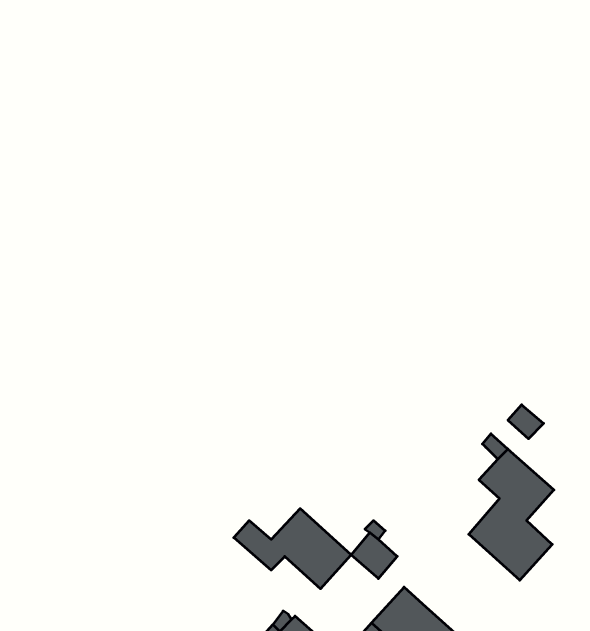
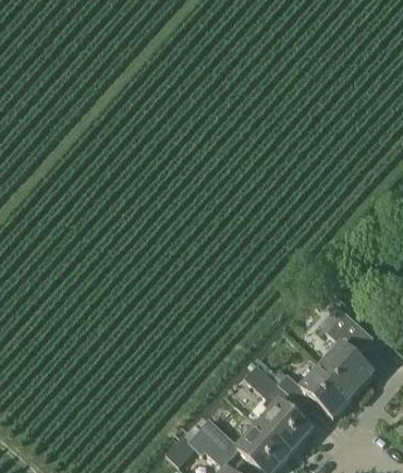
building: [234,509,351,589] -> [277,366,352,417]

